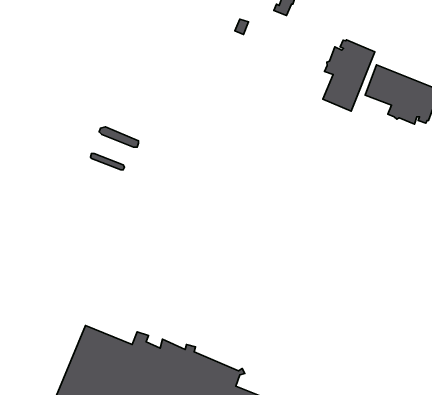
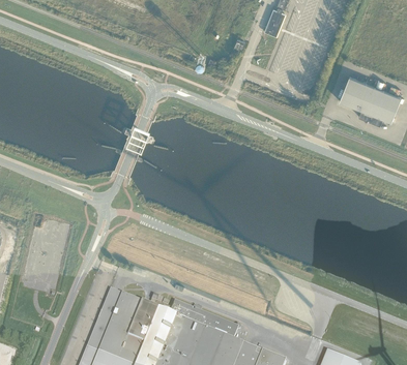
building: [323,40,375,111] -> none

